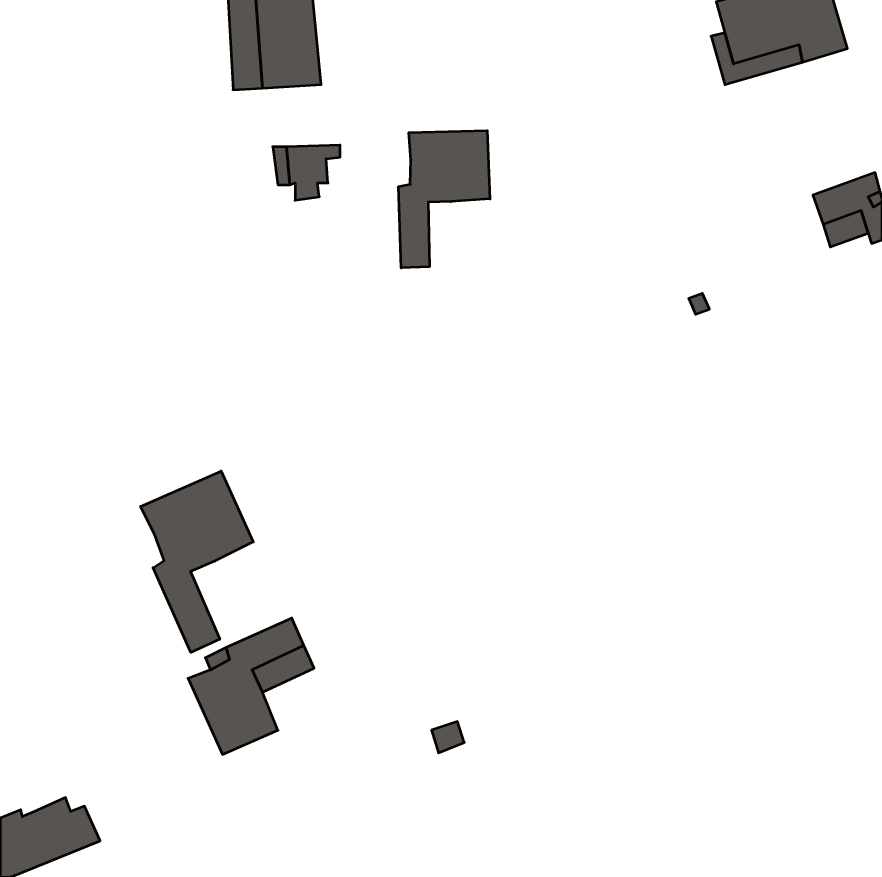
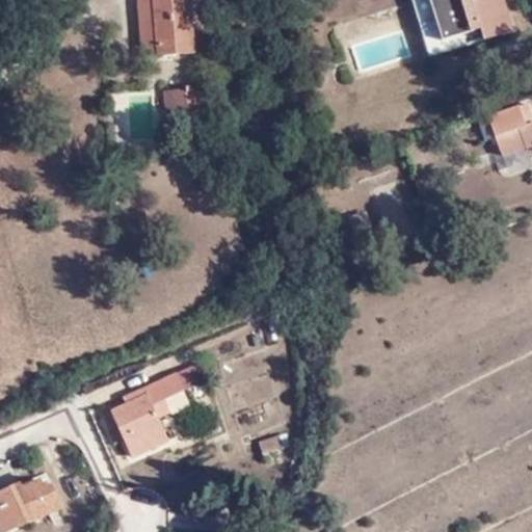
building: [399,131,490,268] -> none
building: [141,471,253,652] -> none

